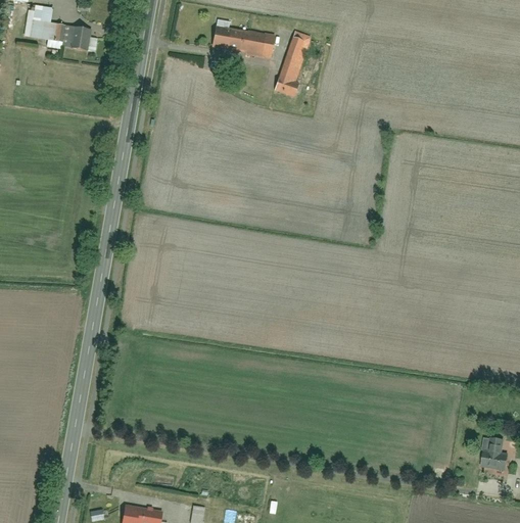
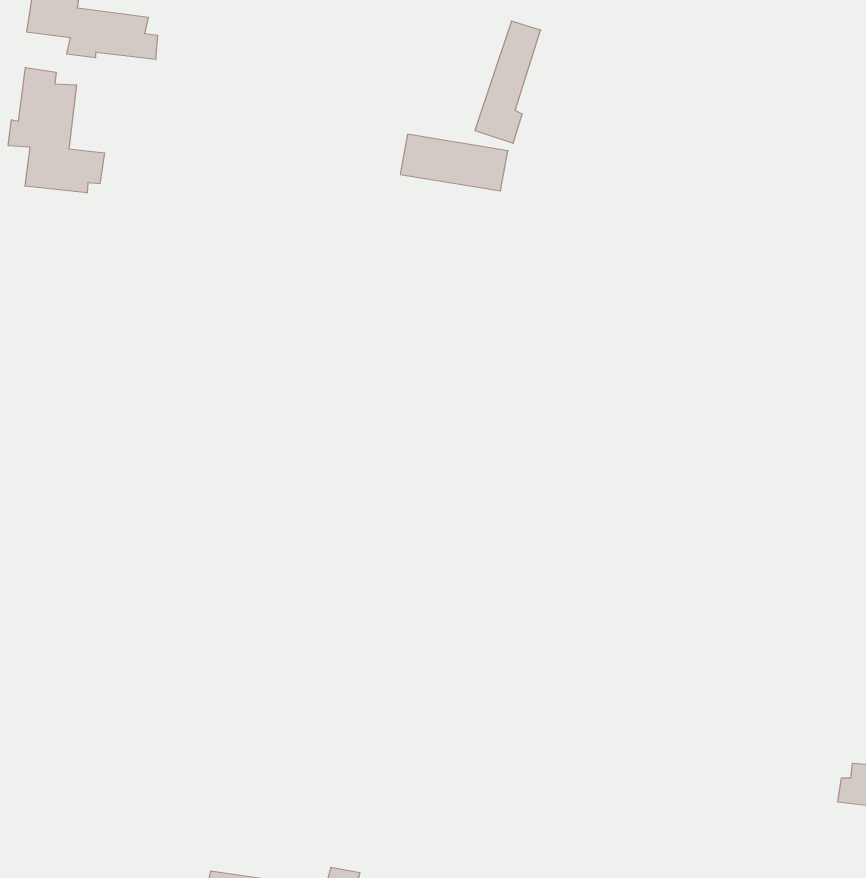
building: [214,25,274,56] -> [400,134,508,191]
building: none -> [8,67,105,193]

